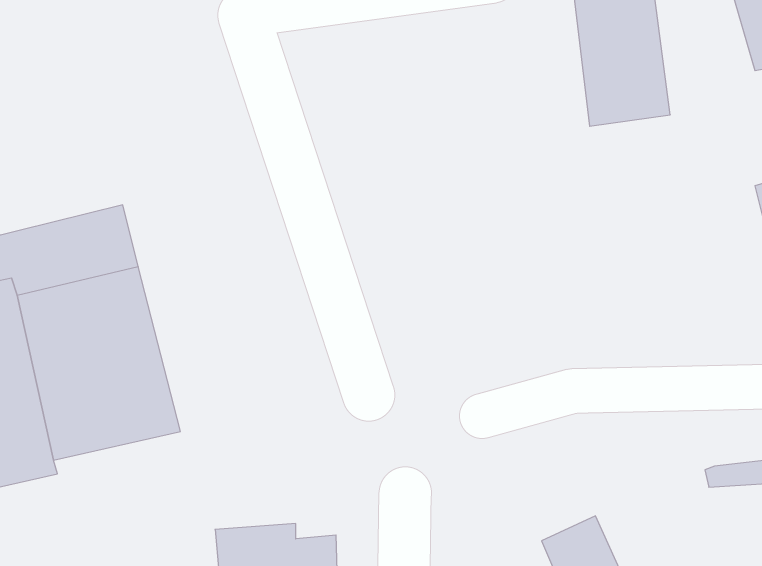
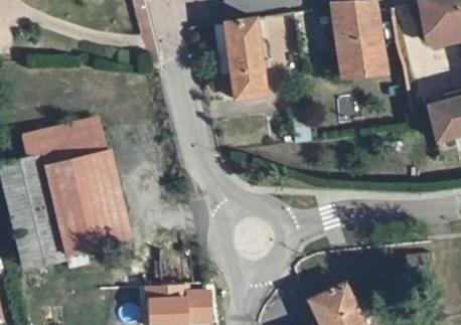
building: none -> [227,16,266,100]

